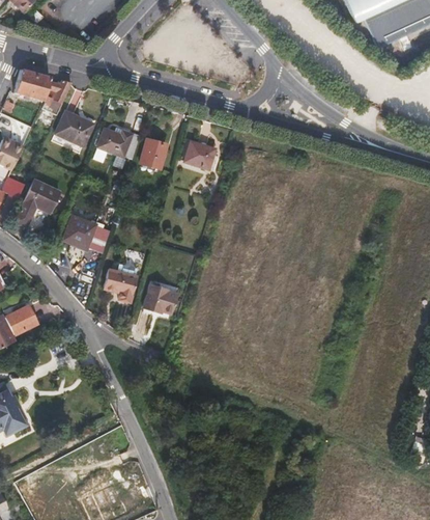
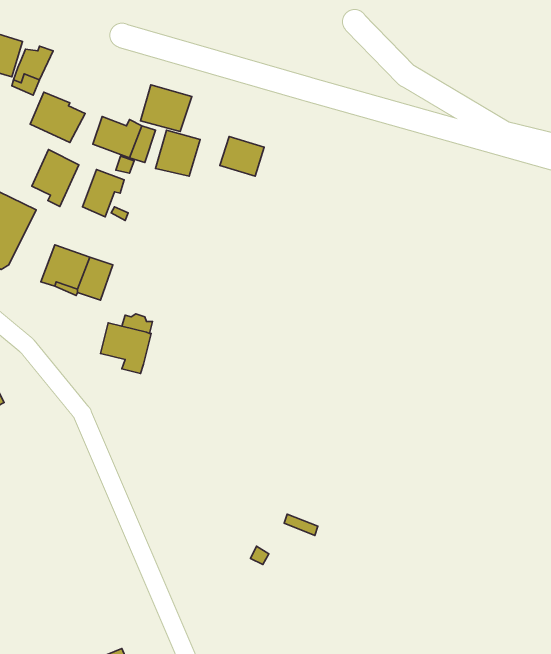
building: none -> [141,85,192,132]
building: none -> [32,150,79,206]
building: none -> [82,170,124,217]
building: [142,282,177,313] -> none

